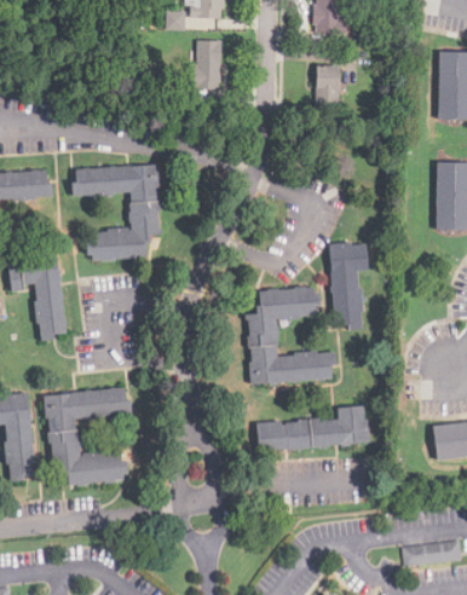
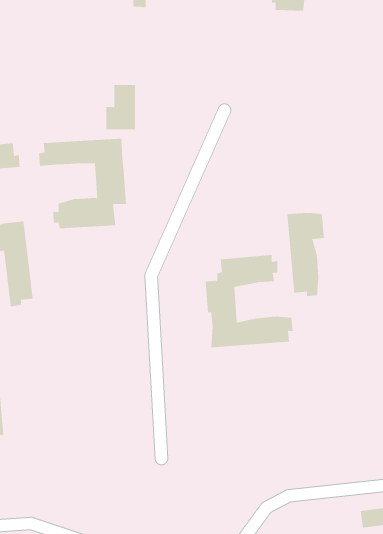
building: [190,41,221,88] -> [105,84,136,130]
building: [316,67,340,106] -> none
building: [44,388,132,486] -> none
building: [256,406,370,451] -> none

